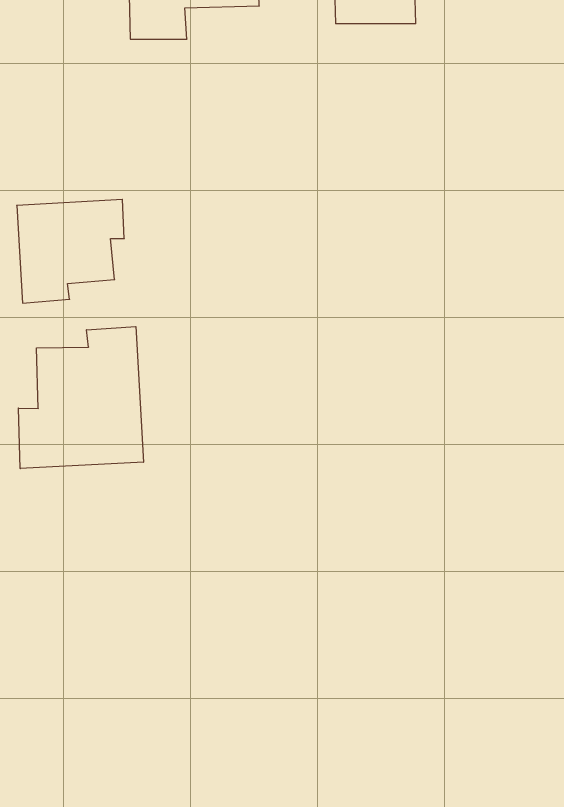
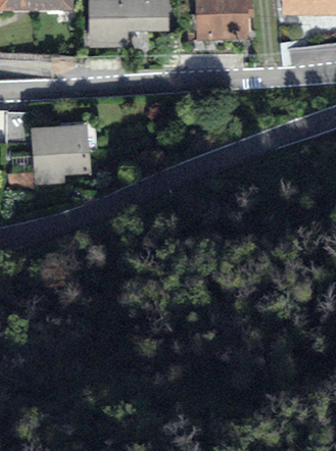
building: [18,327,143,469] -> none

